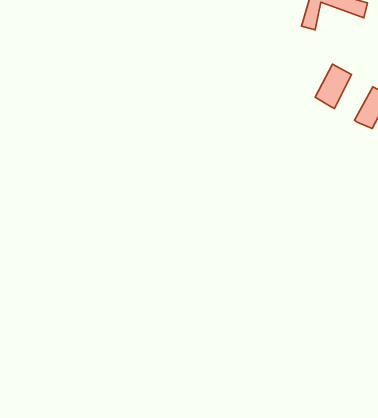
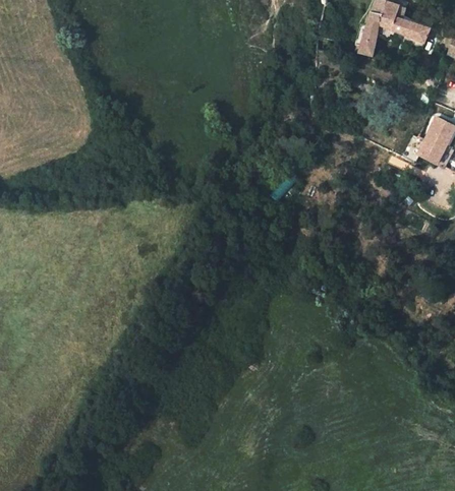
building: [315,64,351,108] -> none

